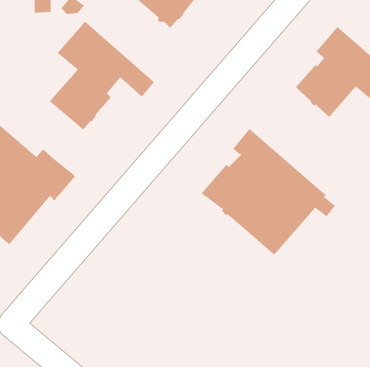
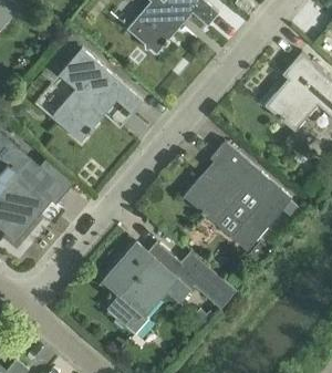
building: none -> [103,244,236,333]

